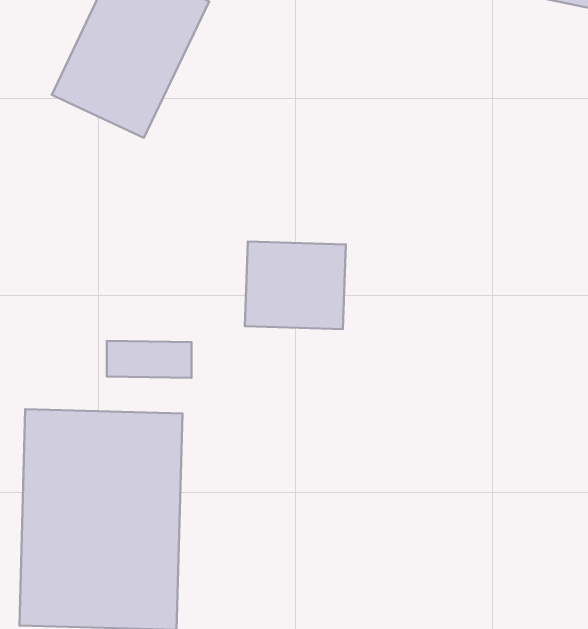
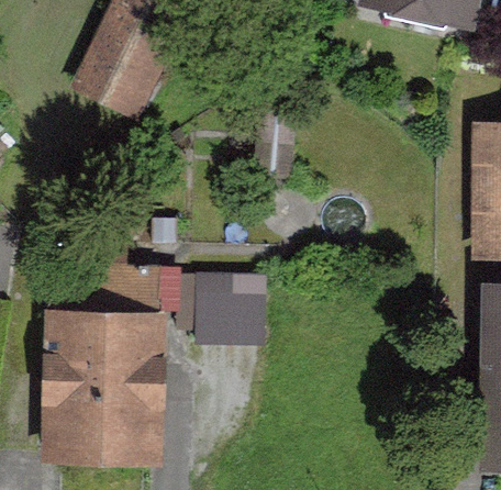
building: [245,242,346,329] -> [188,267,263,332]

